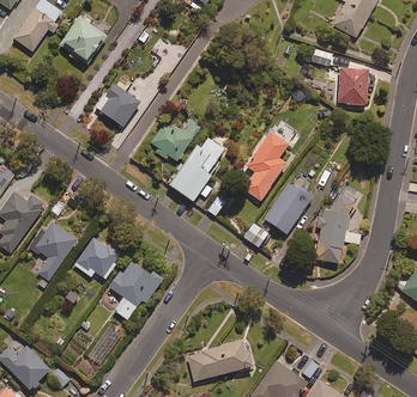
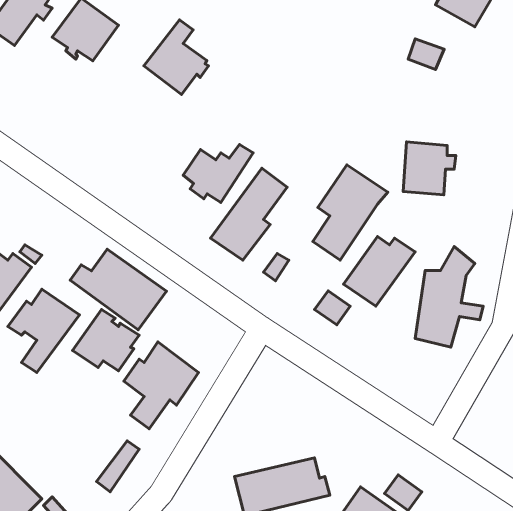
building: [338,67,375,104] -> [403,142,456,195]
building: [96,74,141,127] -> [144,20,209,95]
building: none -> [70,249,167,330]

